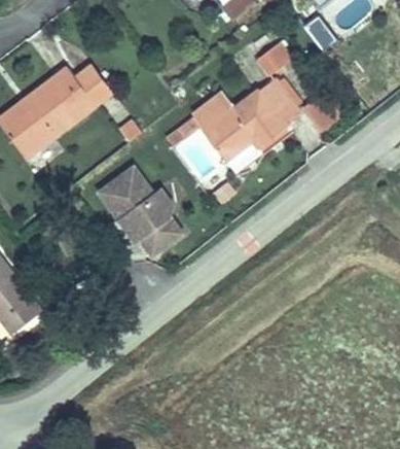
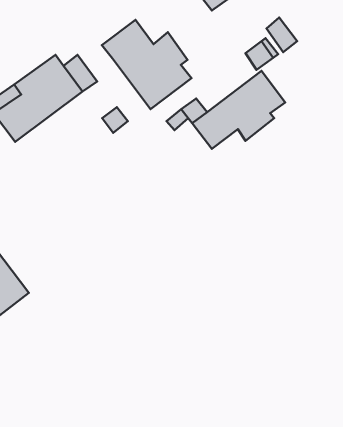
building: none -> [102,20,191,109]
building: [83,166,175,268] -> none

